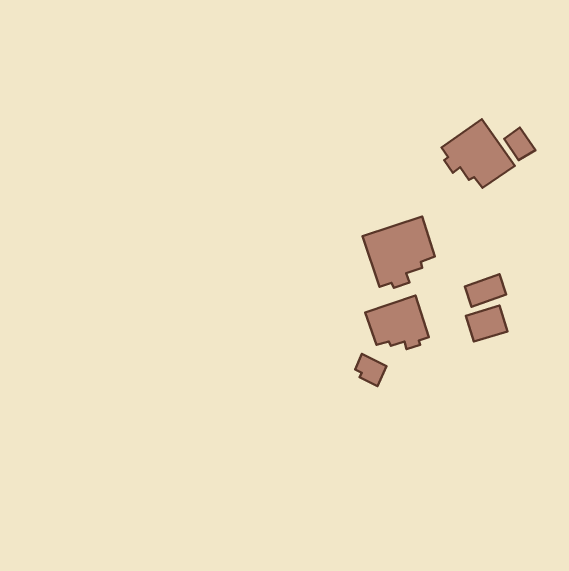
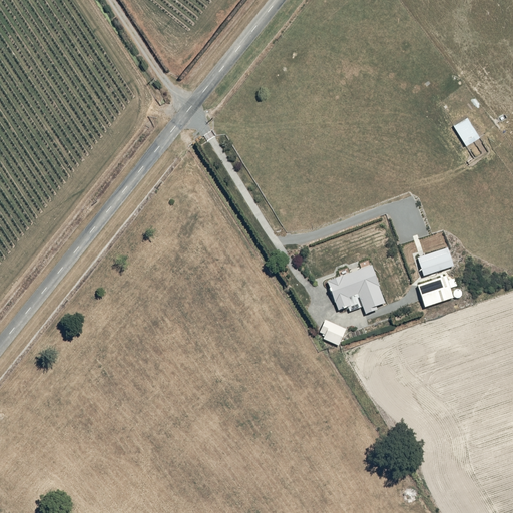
building: [442,119,515,188] -> none
building: [362,216,435,288] -> none

